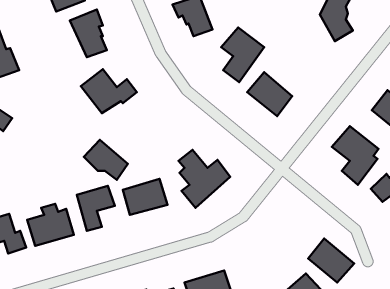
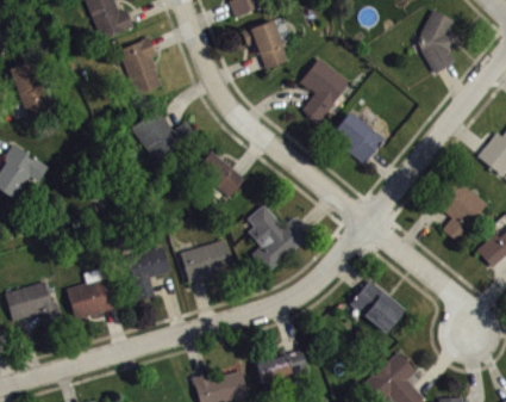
building: [84,140,128,180] -> [192,150,244,198]
building: [308,239,354,282] -> [351,280,406,333]

